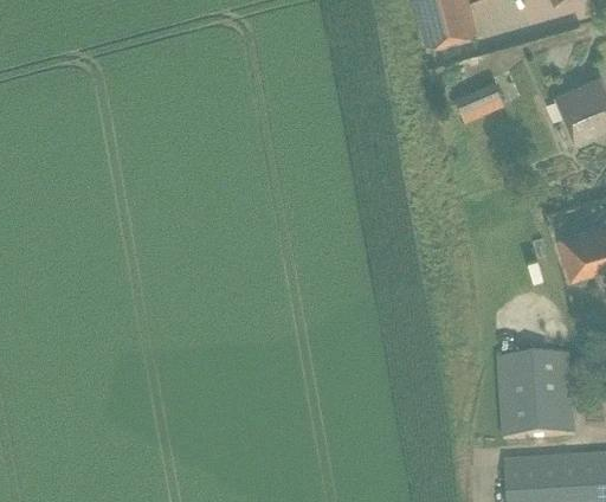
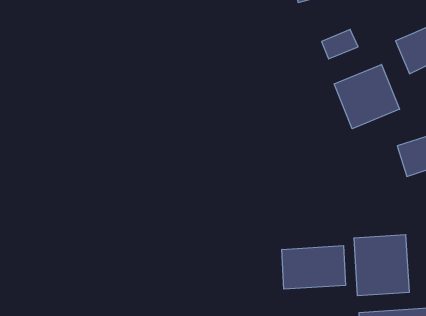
building: none -> [334,64,400,129]
building: none -> [282,246,345,289]

